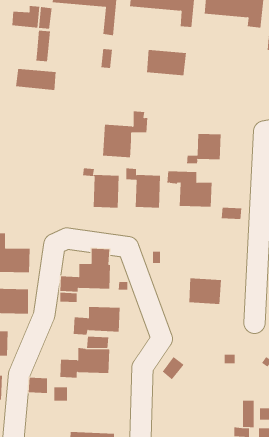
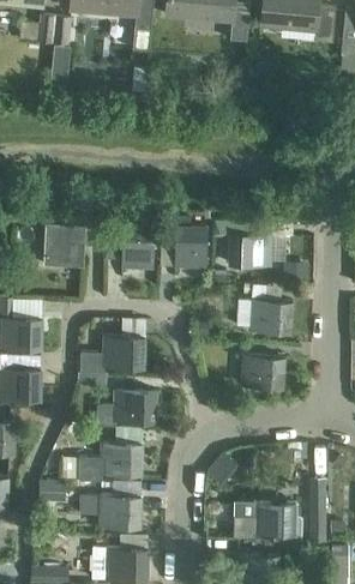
building: [146,49,186,76] -> none
building: [15,68,56,91] -> none
building: [102,111,148,158] -> [46,210,103,269]
building: [187,133,221,164] -> none
building: none -> [234,301,291,333]
building: none -> [100,498,140,530]
building: none -> [231,502,294,540]

